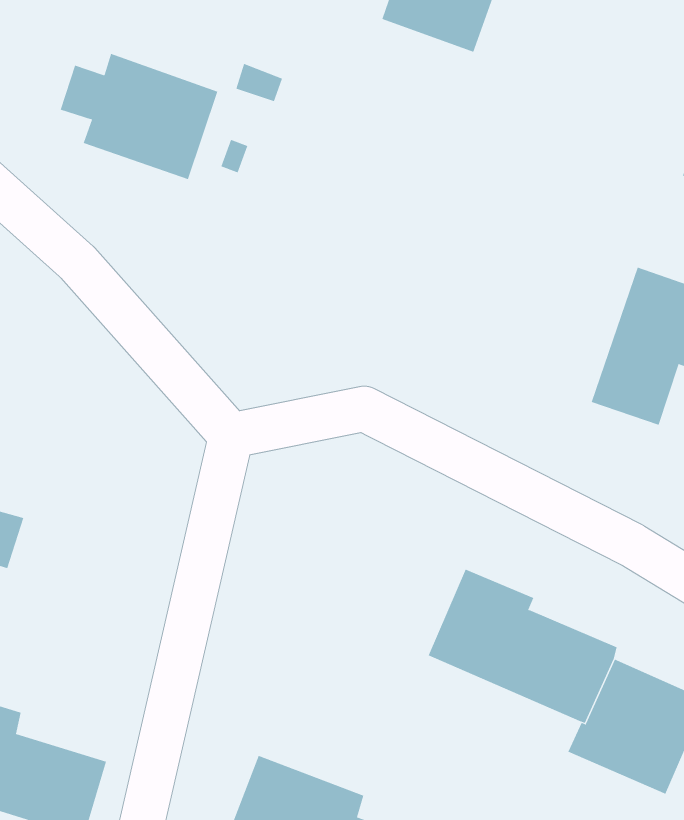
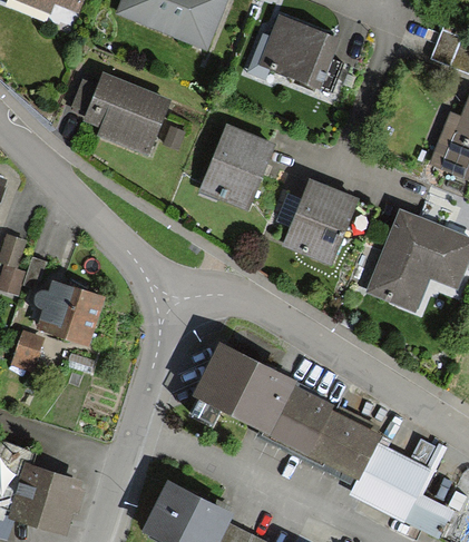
building: none -> [204,129,270,208]
building: none -> [287,185,356,262]
building: none -> [35,283,99,344]
building: none -> [192,342,296,434]

